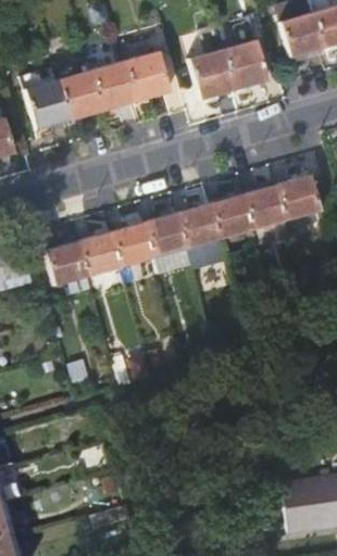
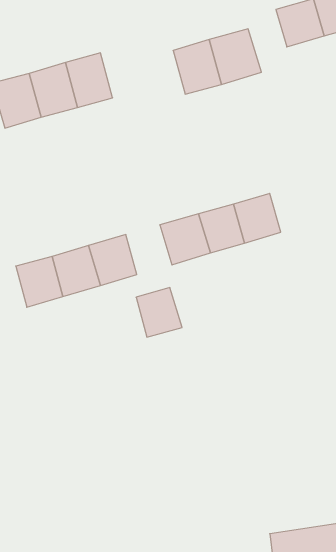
building: [124,50,169,100] -> none
building: [276,177,320,220] -> none
building: [147,214,188,258] -> [136,288,182,337]

